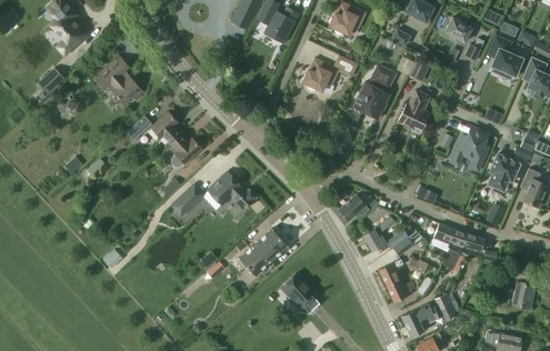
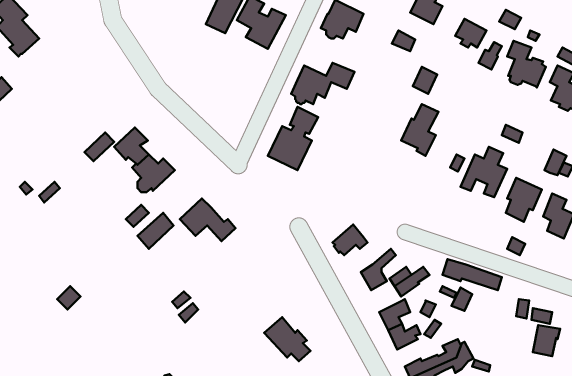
building: [93,56,143,104] -> none
building: [352,66,396,120] -> [268,107,318,170]
building: [239,229,288,275] -> none

